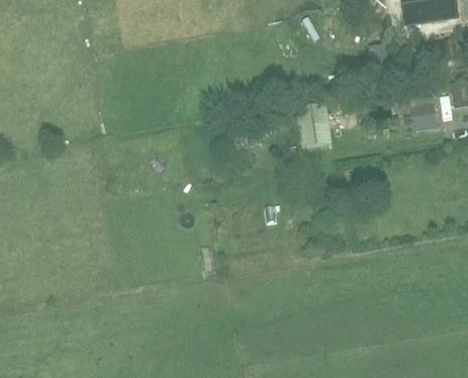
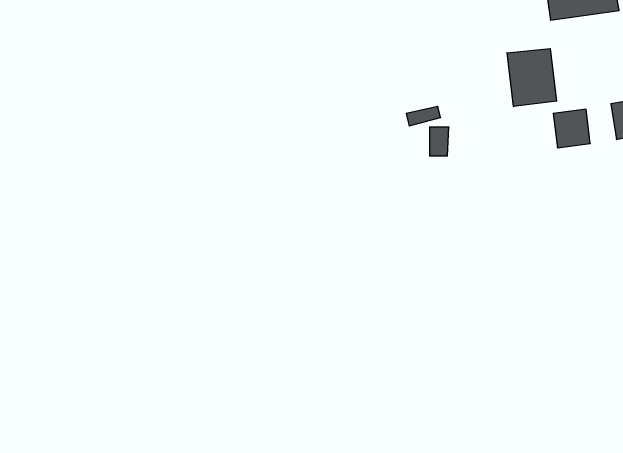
building: none -> [507,49,556,107]

